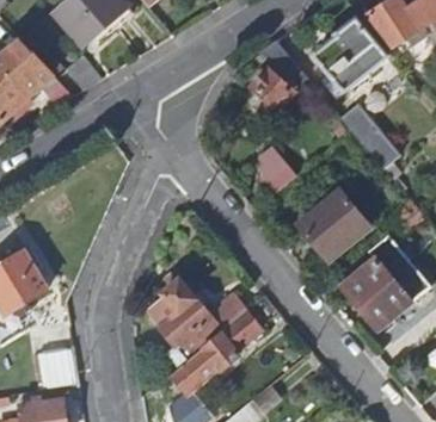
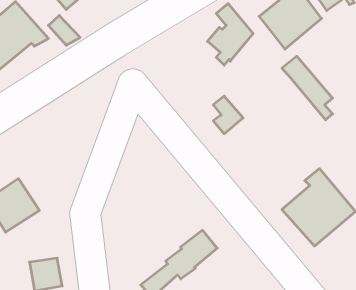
building: [296,192,369,263] -> none
building: [146,279,245,366] -> none

